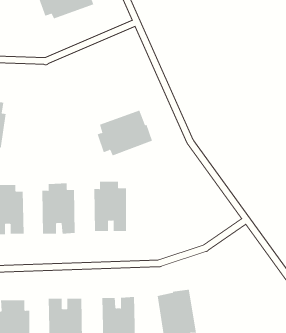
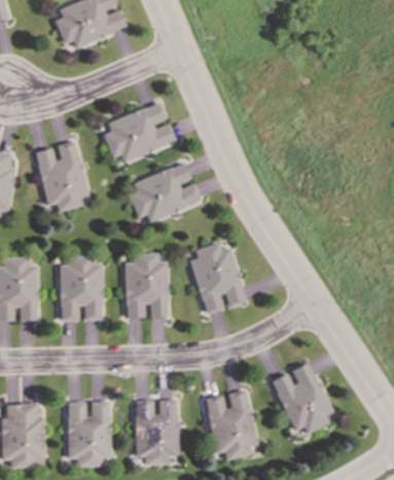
building: none -> [104,104,176,160]
building: none -> [36,141,88,211]
building: none -> [190,243,245,313]
building: none -> [271,362,335,434]

